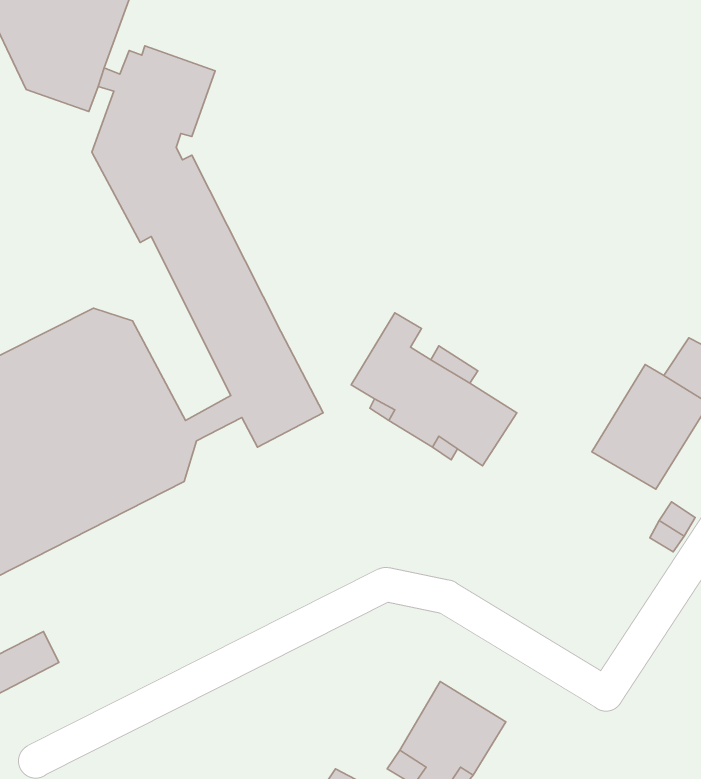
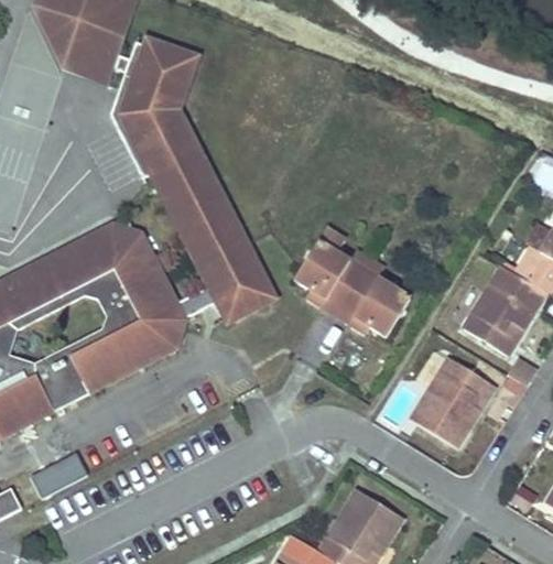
building: none -> [411,357,495,444]

